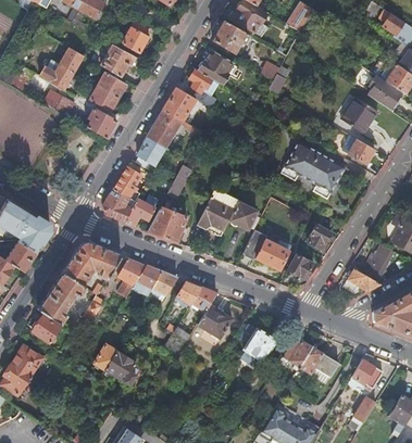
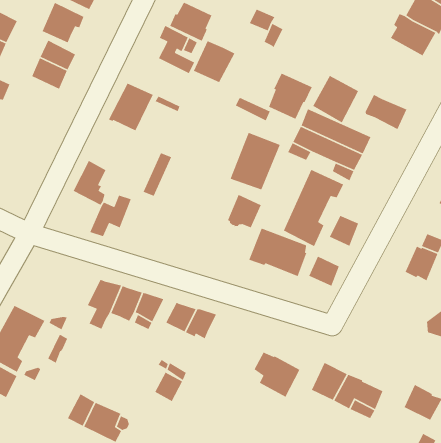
building: [163,87,197,121] -> [193,40,235,83]
building: [340,96,377,134] -> [312,75,359,124]
building: [87,107,116,137] -> none
building: none -> [267,73,313,120]
building: [136,138,166,170] -> none
building: none -> [283,169,344,247]
building: [103,189,135,222] -> none
building: [197,190,238,236] -> [230,132,281,190]
building: [148,206,187,242] -> none
building: [62,241,121,283] -> none
building: [342,268,380,292] -> none
building: [197,304,232,338] -> none

